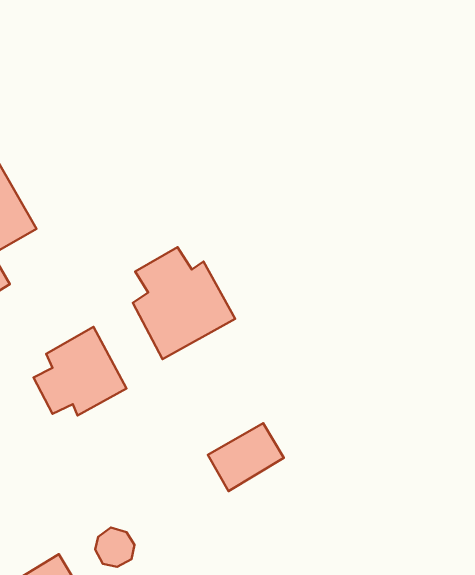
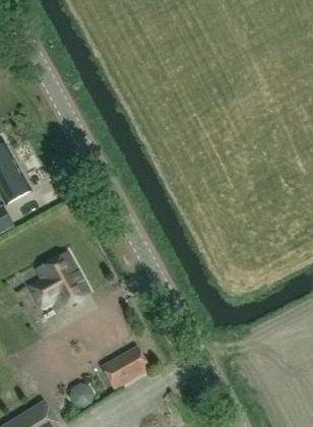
building: [133,247,235,359] -> none
building: [208,423,284,491] -> [101,346,149,389]

